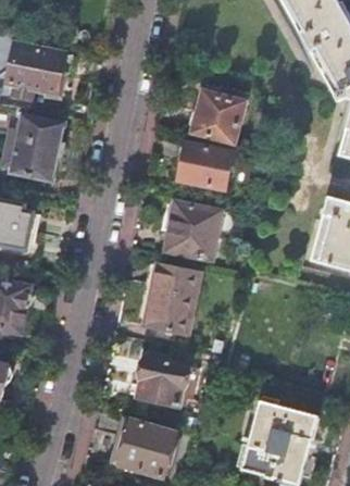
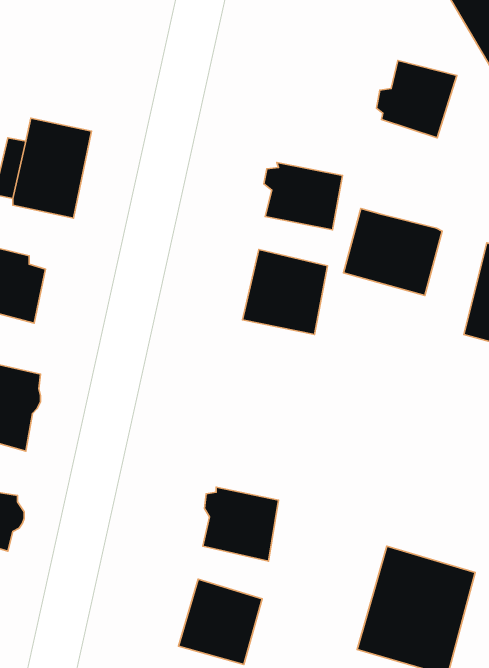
building: [9,43,63,99] -> none
building: [189,91,242,142] -> [376,61,457,138]
building: none -> [344,209,442,296]
building: [145,263,199,342] -> none

